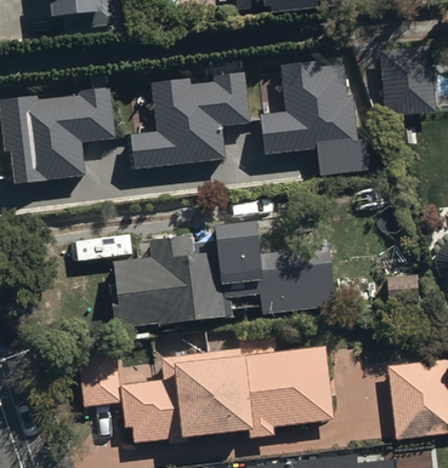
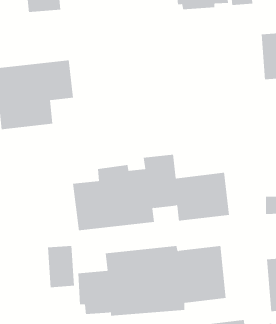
building: [260,61,369,175] -> none
building: [131,70,251,169] -> none

